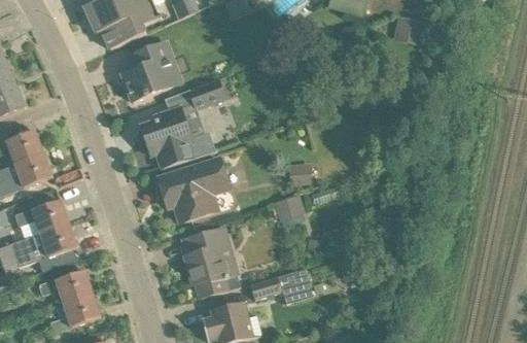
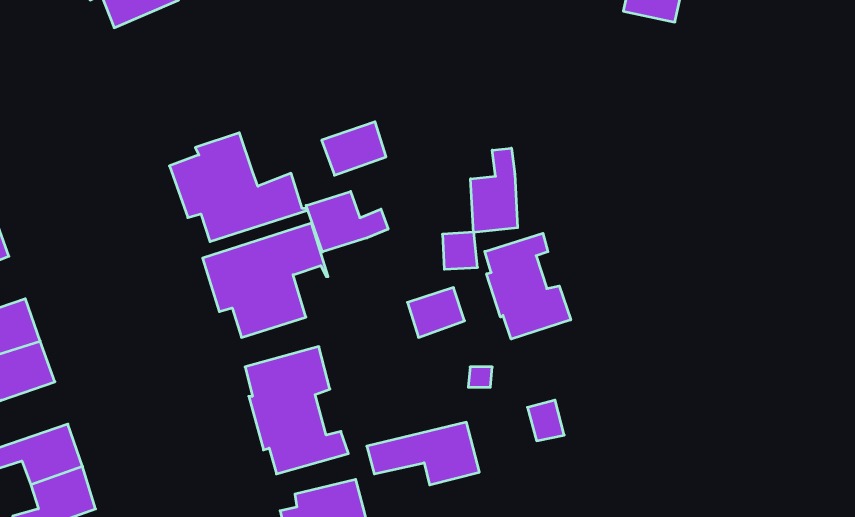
building: [121,39,174,100] -> none
building: [189,78,225,108] -> [322,122,386,175]
building: none -> [471,148,518,232]
building: none -> [306,191,388,252]
building: none -> [485,233,571,339]

